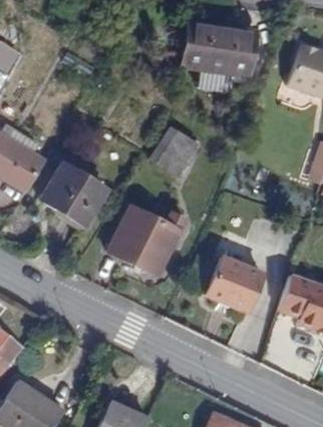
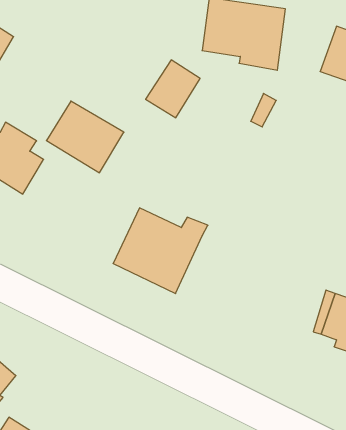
building: [150,130,198,180] -> [146,60,200,118]
building: [39,163,106,226] -> [46,101,124,173]
building: [207,257,264,313] -> none

